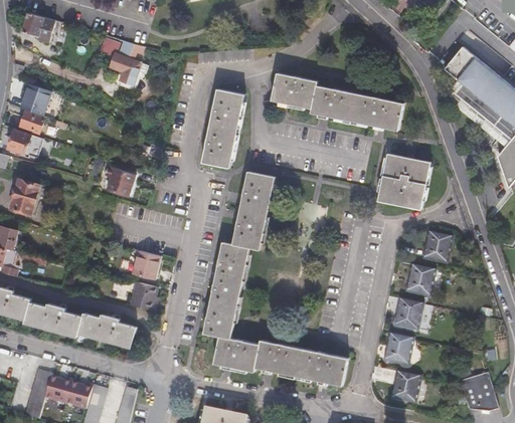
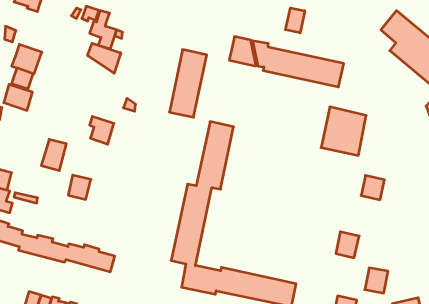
building: none -> [285,8,305,33]
building: none -> [88,43,121,73]
building: [9,180,38,216] -> [41,139,66,171]
building: [133,252,159,280] -> [68,175,91,199]
building: [404,264,433,294] -> none
building: [130,281,156,310] -> none
building: [383,334,410,363] -> [365,268,388,293]

